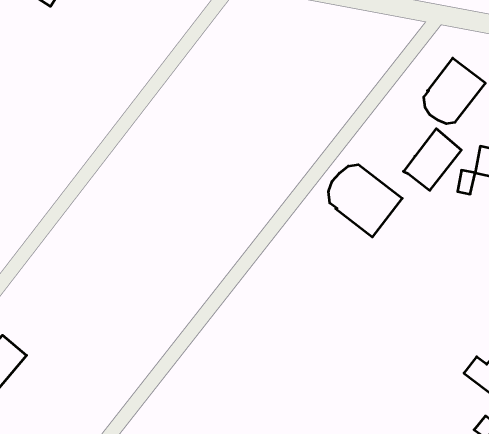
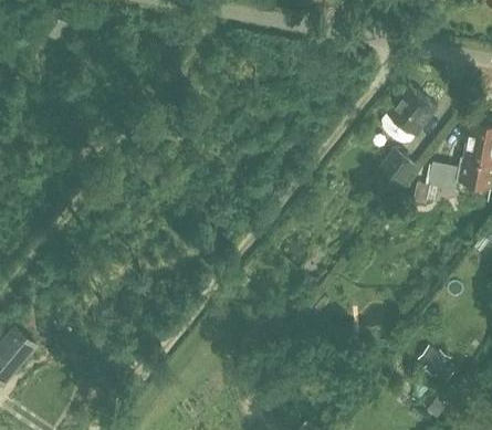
building: [329,165,402,237] -> none

